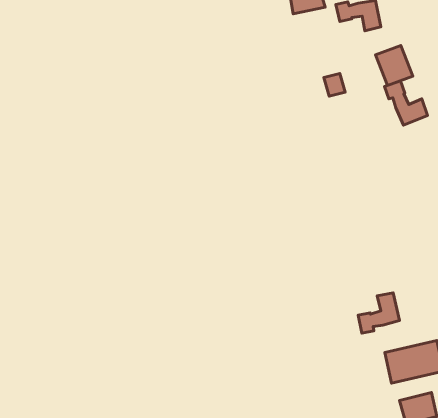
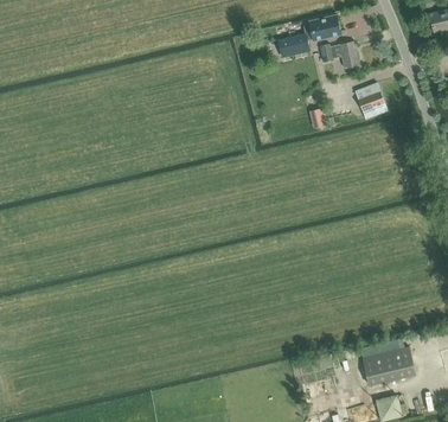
building: [384,81,428,125] -> none
building: [358,293,399,333] -> none

